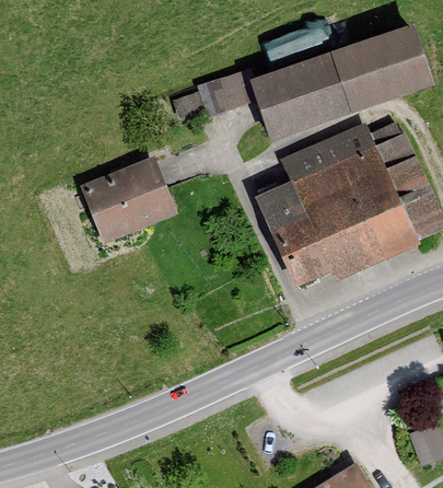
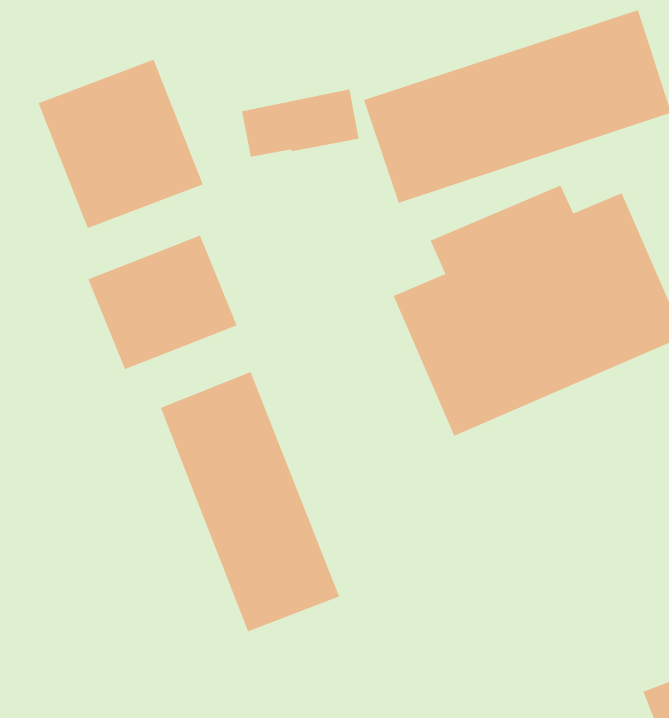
building: none -> [38,59,203,229]
building: none -> [160,371,340,632]

